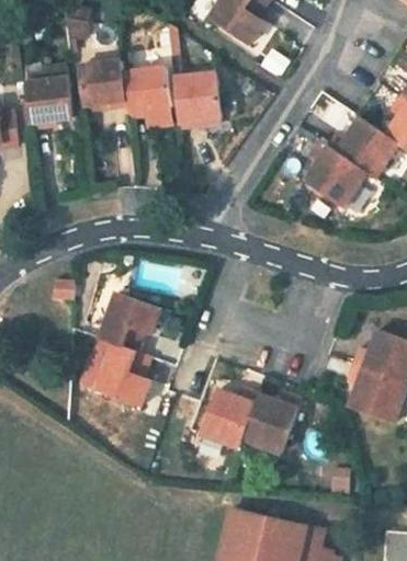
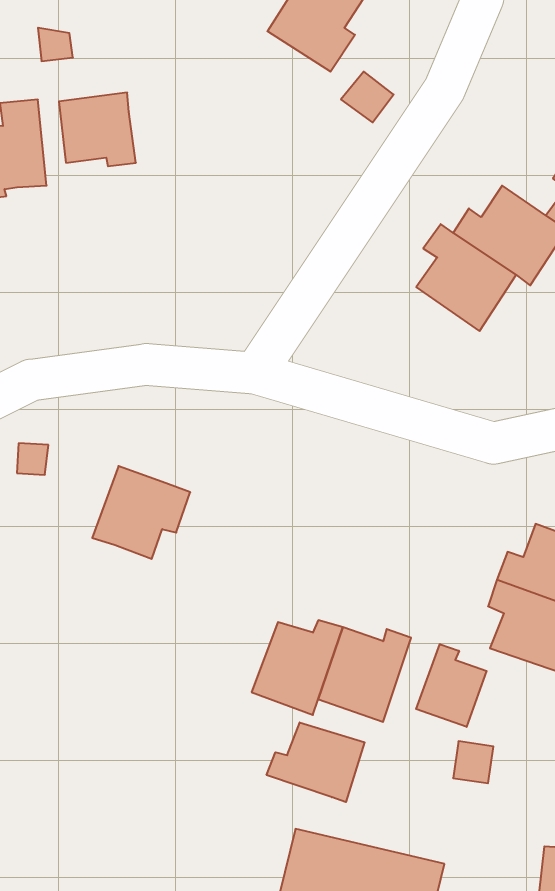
building: [123,66,171,115] -> none
building: [174,73,222,123] -> none
building: [97,342,151,407] -> none
building: none -> [416,644,487,727]
building: none -> [267,722,365,802]

